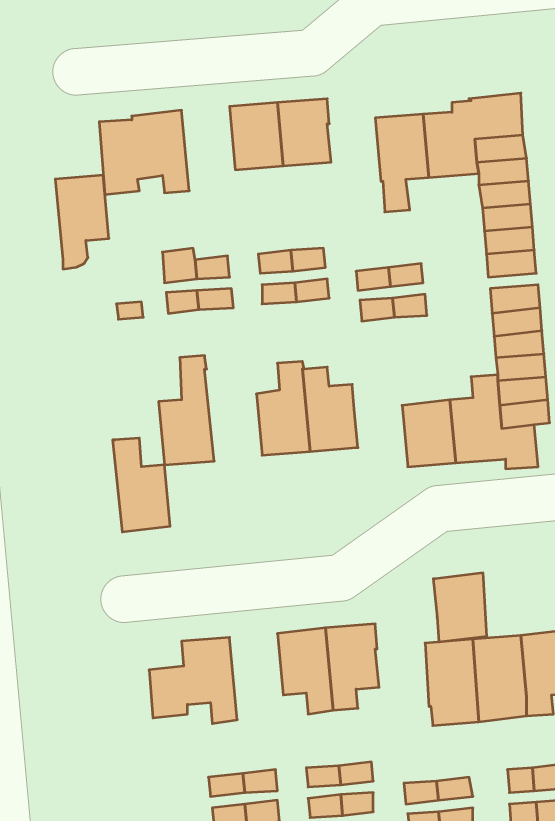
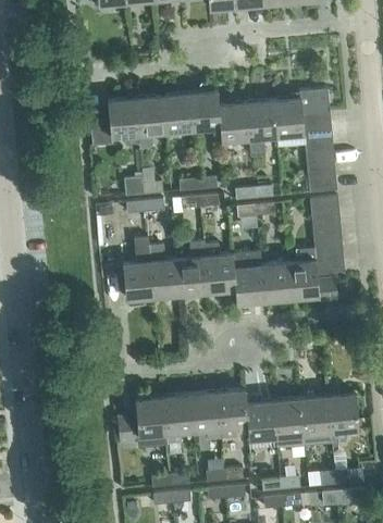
building: none -> [218,103,248,142]
building: [55,175,109,269] -> [135,97,165,150]
building: none -> [232,252,263,304]
building: [113,438,170,532] -> [148,245,181,298]
building: [433,573,487,642] -> [245,401,275,440]
building: none -> [162,396,193,445]

